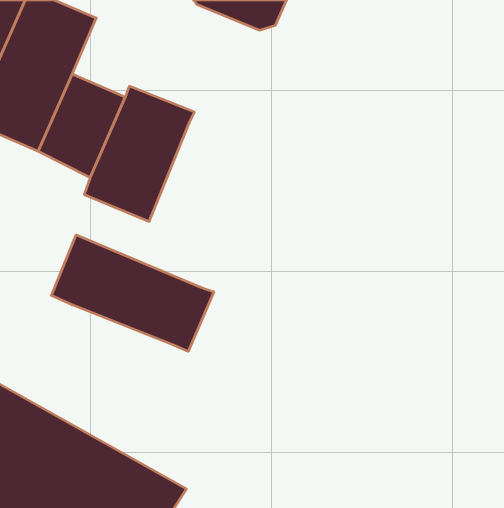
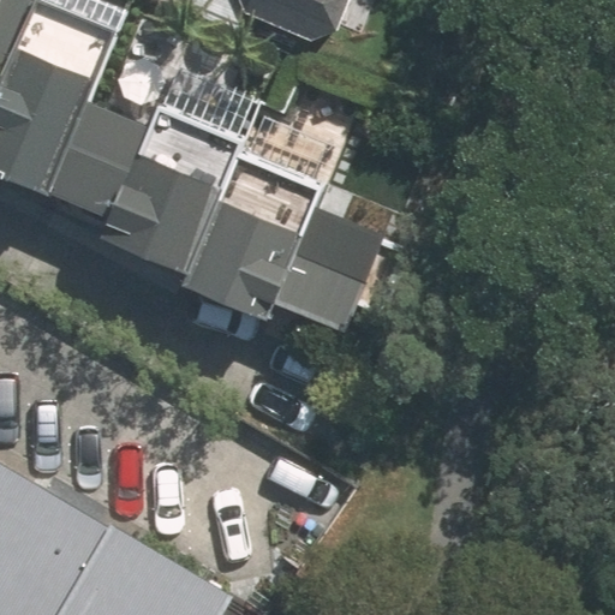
building: none -> [174,151,384,335]
building: [51,235,214,351] -> none

